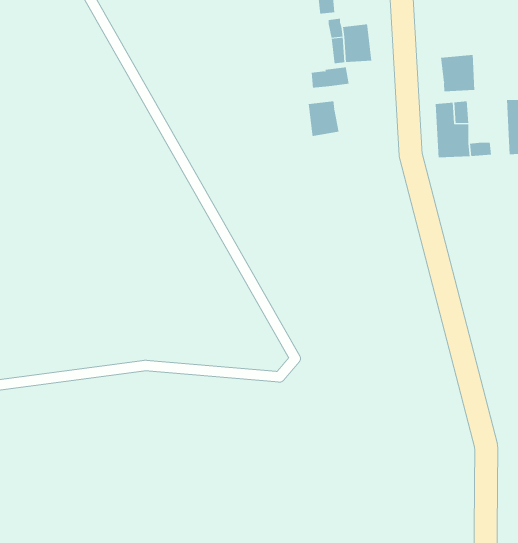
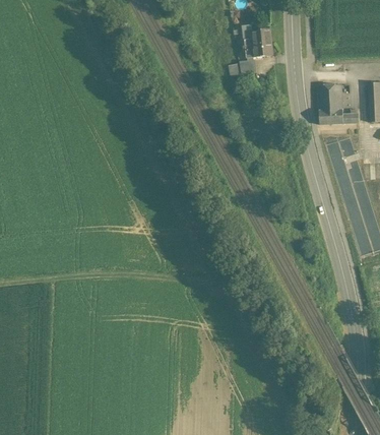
building: [441,54,475,92] -> none
building: [308,100,339,137] -> none

